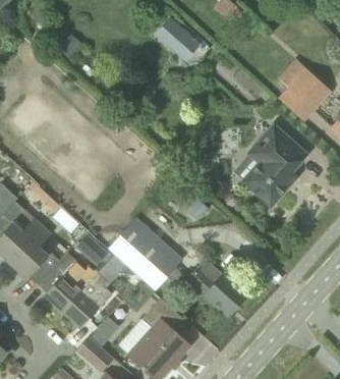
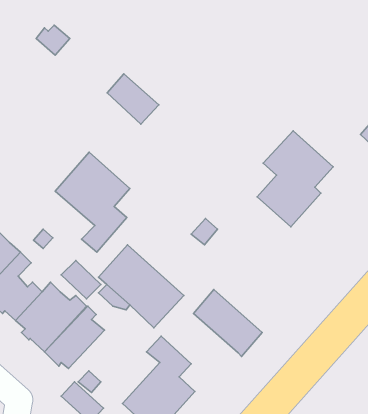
building: [156,18,200,61] -> [107,74,159,124]
building: [278,60,331,121] -> none
building: none -> [55,152,130,252]

